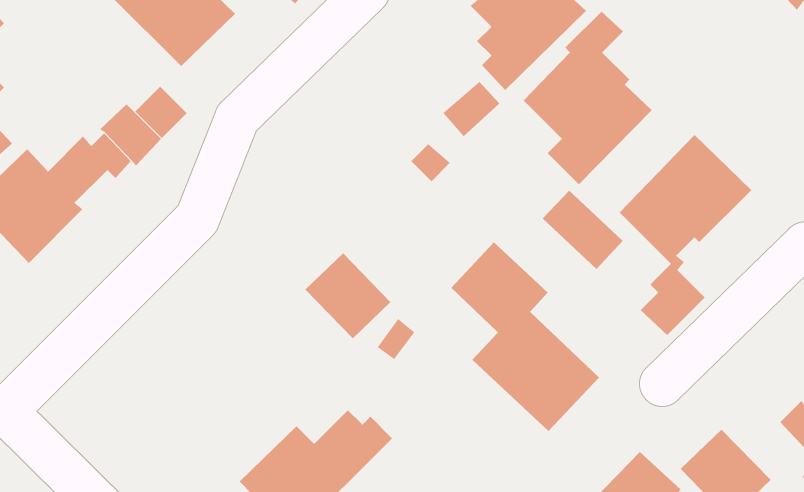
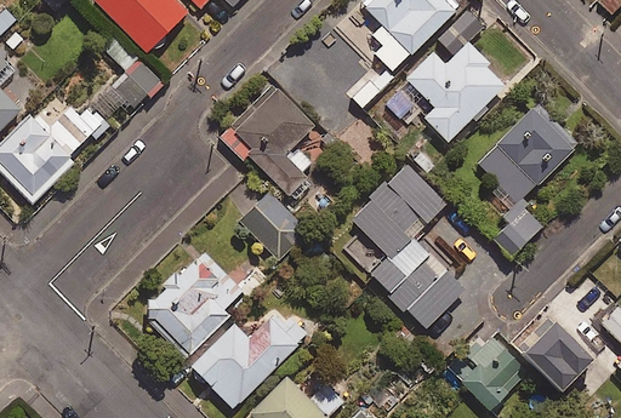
building: none -> [222,86,314,196]
building: [542,190,624,270] -> [384,162,446,223]
building: none -> [141,250,243,357]

